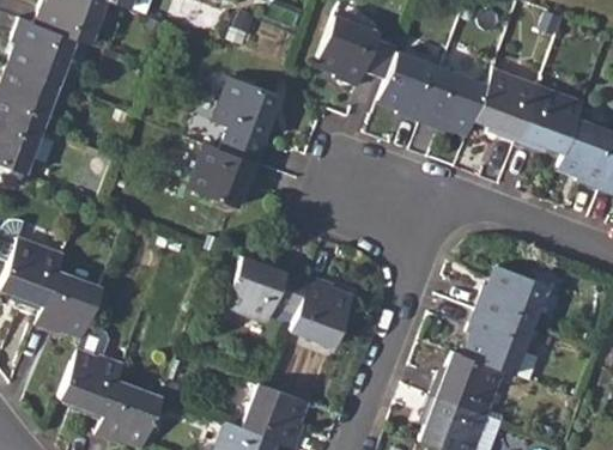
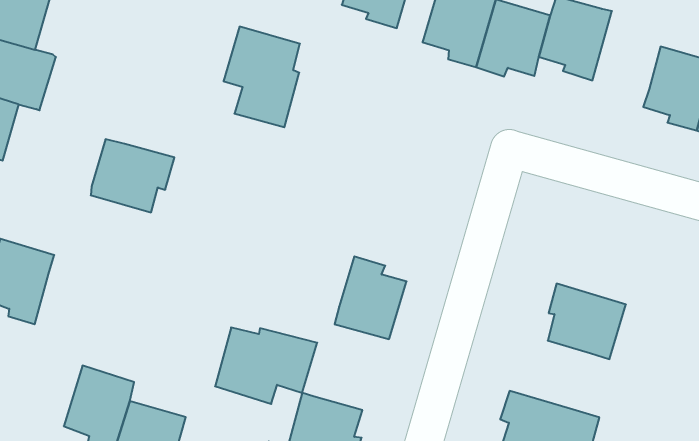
building: [518,86,583,153] -> none
building: [188,144,260,207] -> [91,139,174,212]
building: [223,256,310,322] -> [215,327,317,404]
building: [477,266,550,330] -> none
building: [35,270,101,336] -> none
building: [431,352,500,414] -> none

